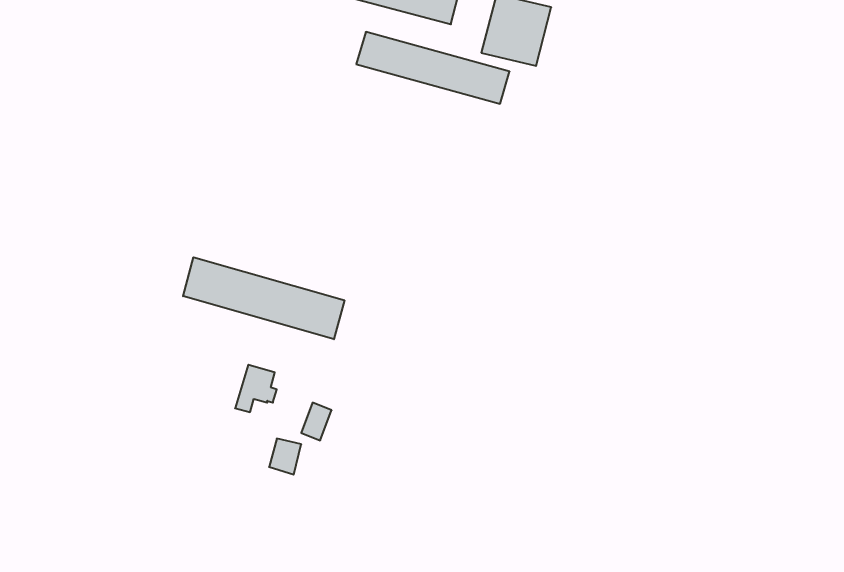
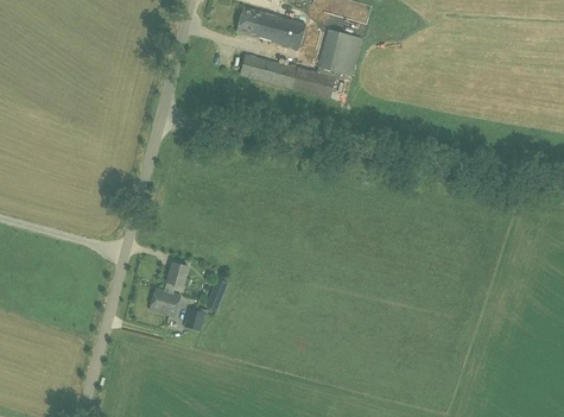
building: [183,257,344,339] -> none
building: none -> [148,289,179,317]

